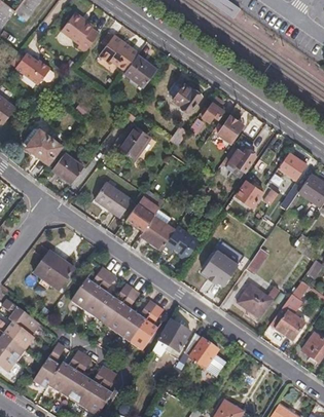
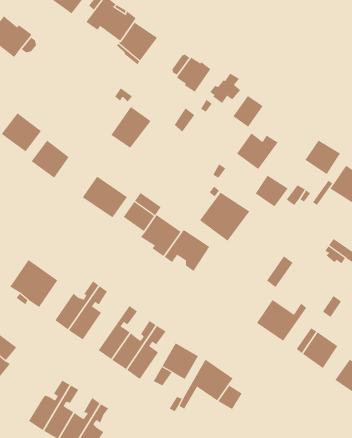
building: [201,248,243,289] -> [199,192,250,241]
building: [95,283,133,326] -> none
building: [34,342,65,388] -> none

